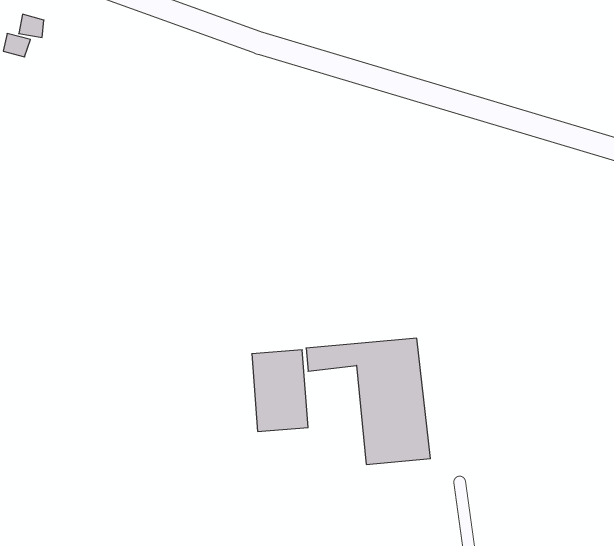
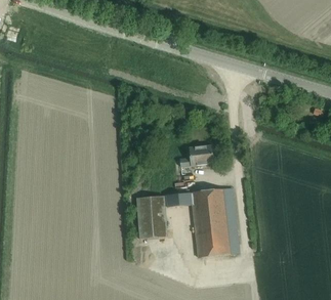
building: none -> [181,144,214,167]

